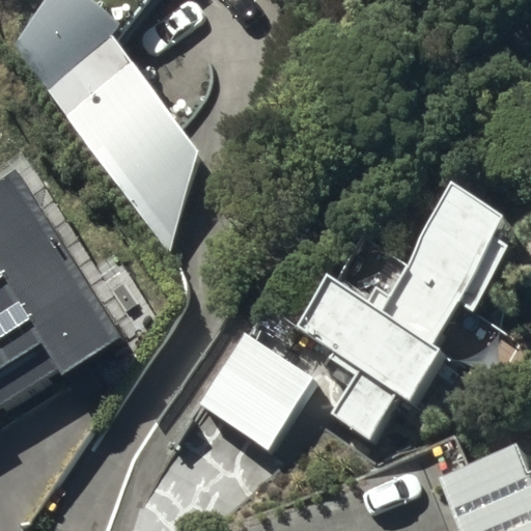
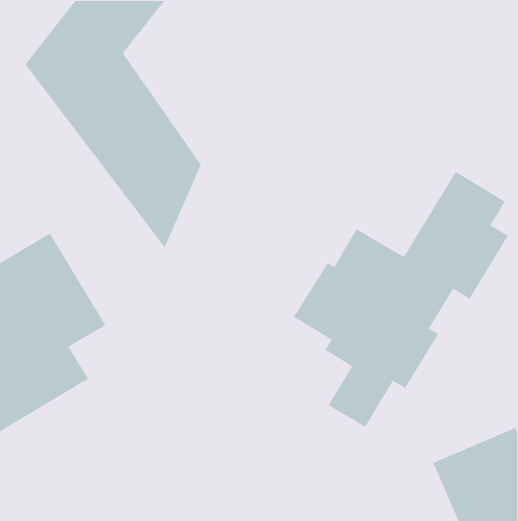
building: [197,327,316,446] -> none

